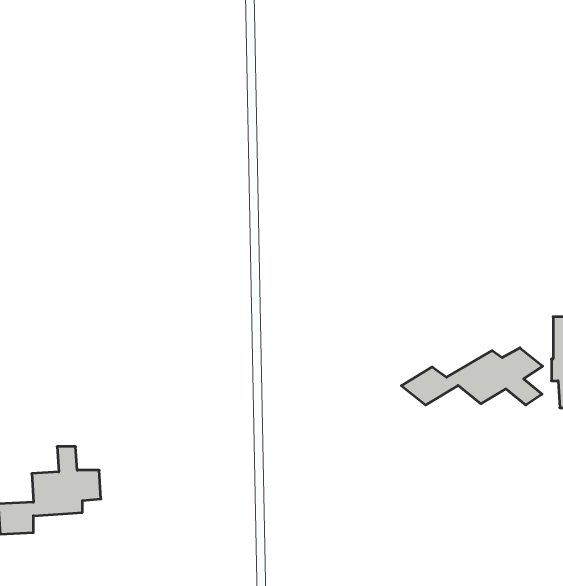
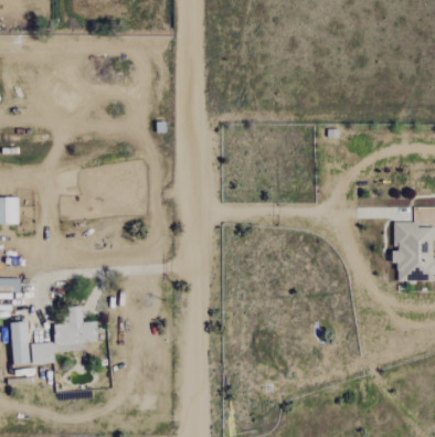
building: [401,348,543,405] -> none

